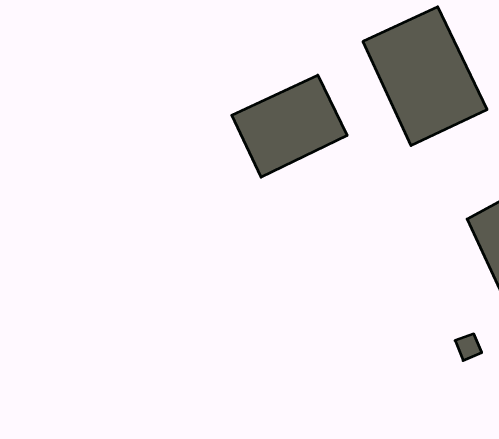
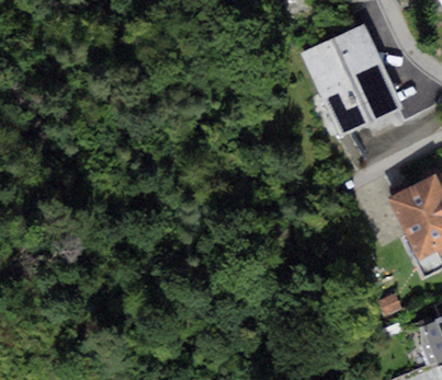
building: [232,75,347,177] -> none

